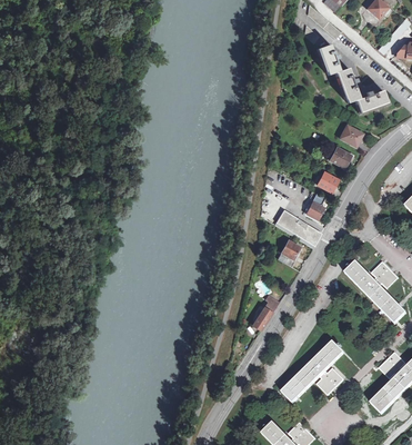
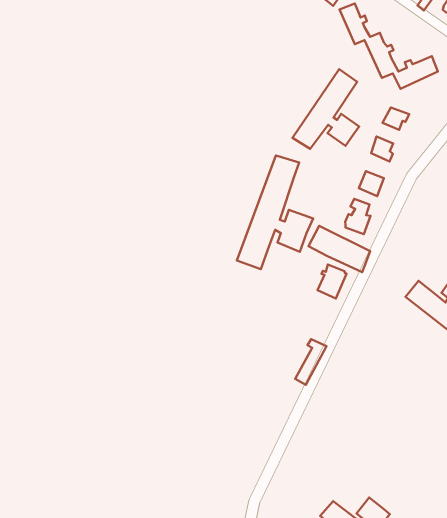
building: none -> [293,69,359,149]
building: none -> [237,155,313,269]
building: [282,340,343,402] -> none

